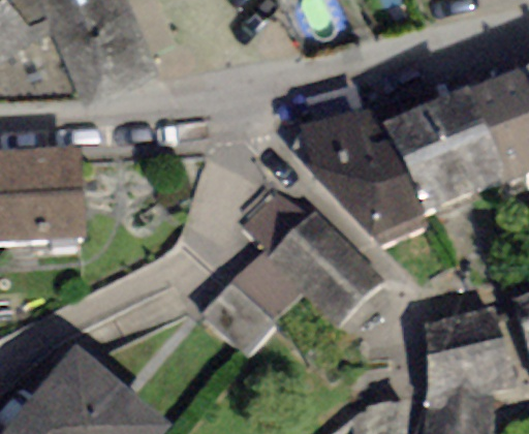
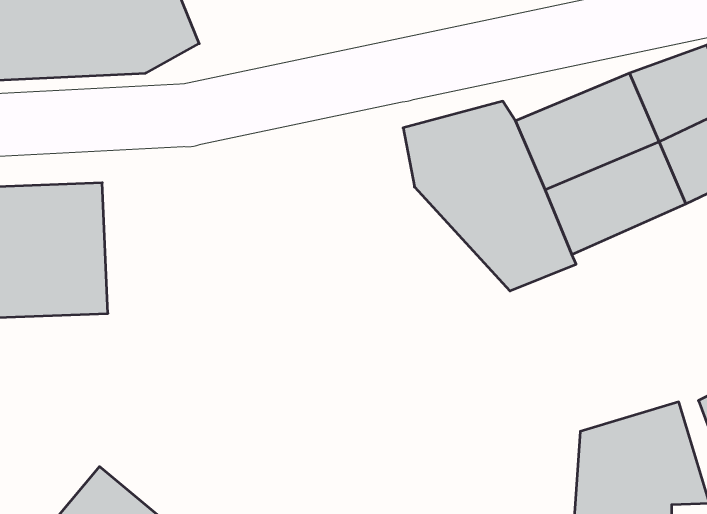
building: [198,187,390,355] -> none

